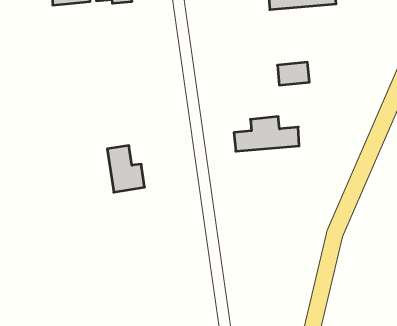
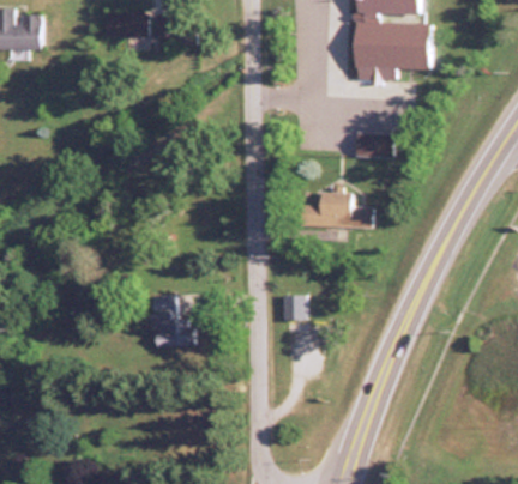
building: [107,146,145,192] -> [153,296,192,347]
building: none -> [282,295,306,321]

